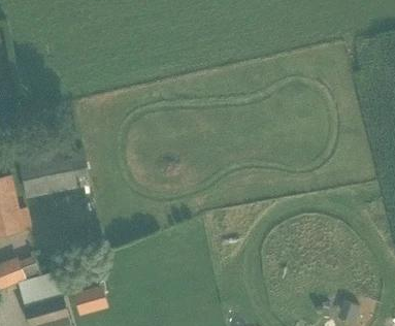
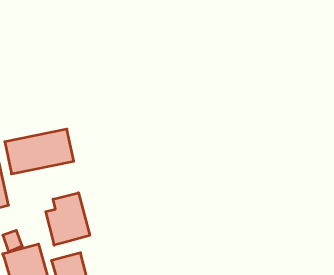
building: none -> [46,193,90,245]

